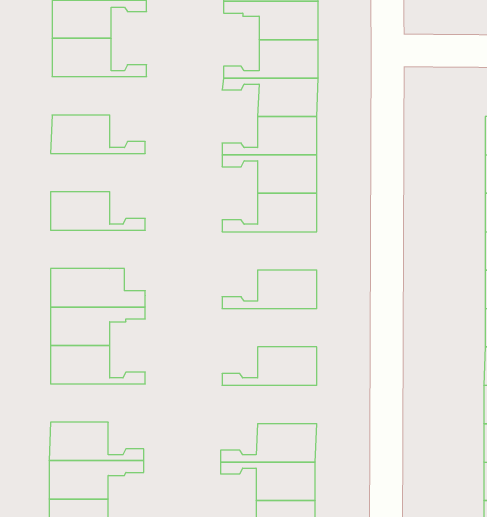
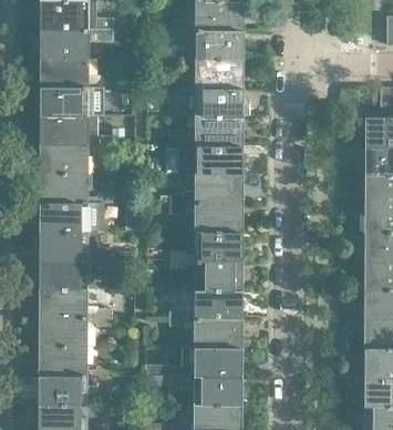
building: none -> [42,90,113,119]
building: none -> [41,147,112,176]
building: none -> [41,205,112,234]
building: none -> [169,206,240,235]
building: none -> [169,264,240,293]
building: none -> [41,320,112,349]
building: none -> [169,321,240,350]

